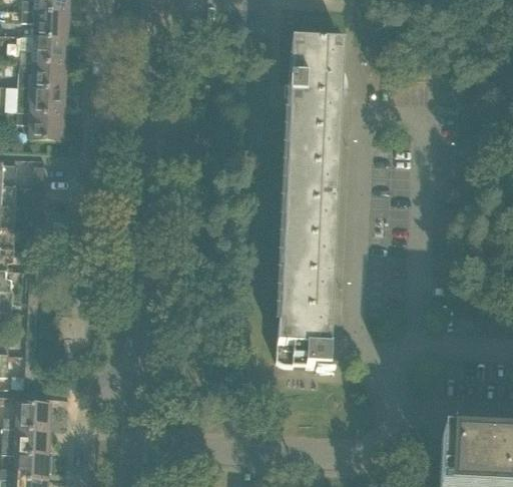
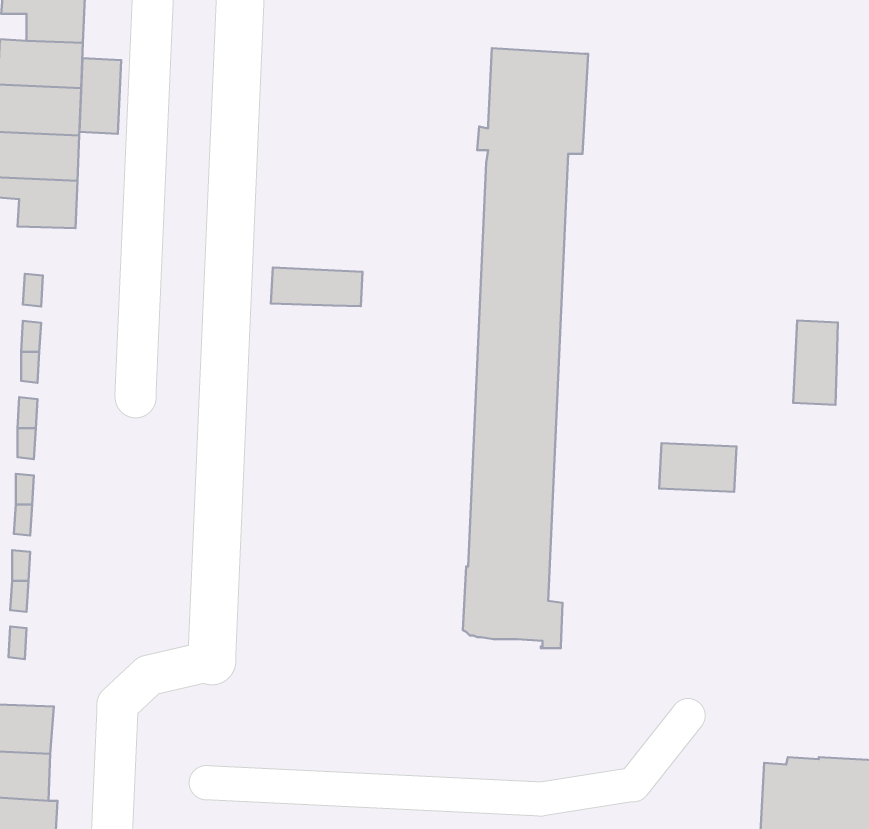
building: none -> [79,58,121,134]
building: none -> [271,268,363,306]
building: none -> [793,320,838,405]
building: none -> [659,443,736,492]

